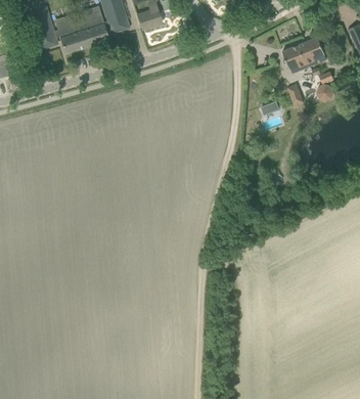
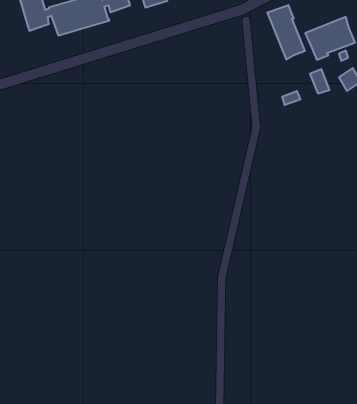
building: none -> [267,5,305,60]

